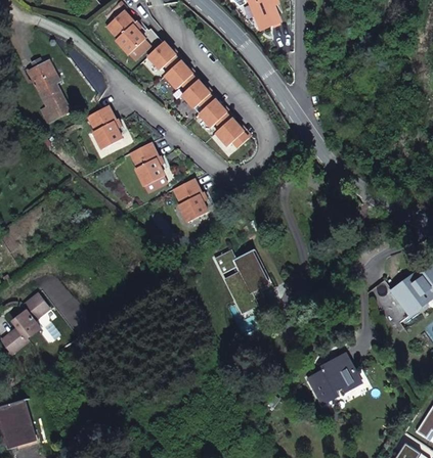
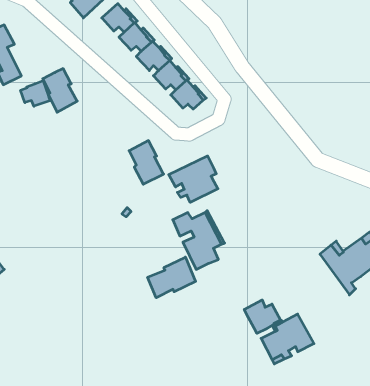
building: none -> [21,81,50,106]
building: [130,143,165,187] -> none
building: none -> [169,156,218,202]
building: none -> [148,257,196,298]
building: none -> [244,300,281,333]

